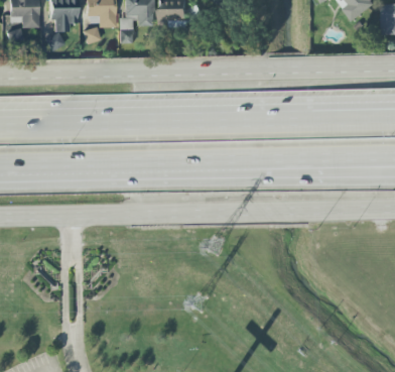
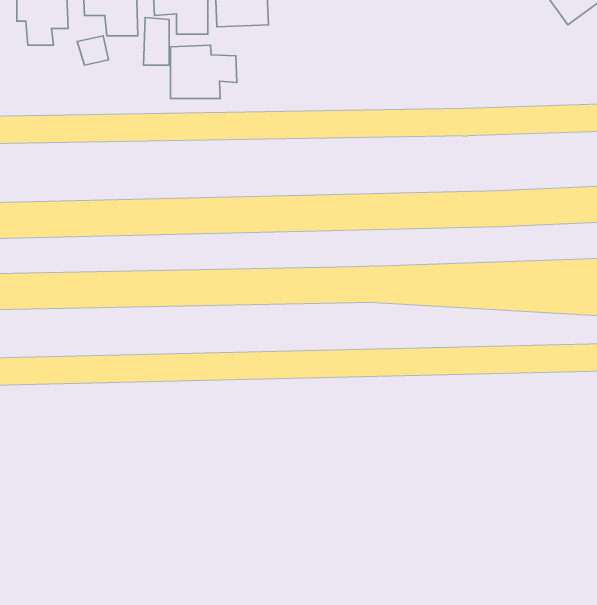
building: none -> [171,45,237,99]

